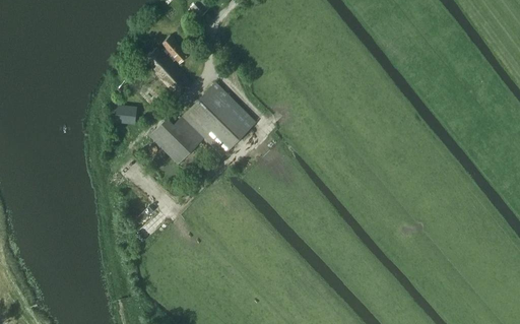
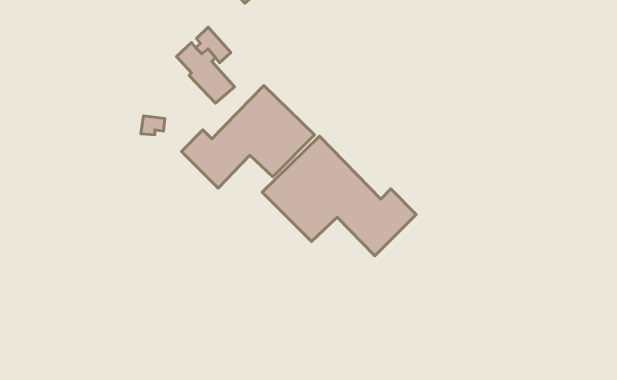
building: none -> [262,136,416,256]

